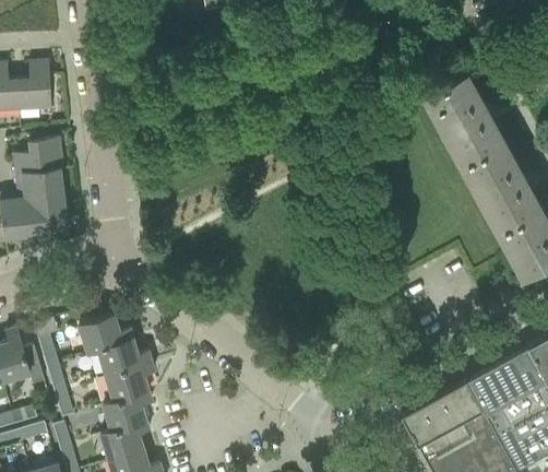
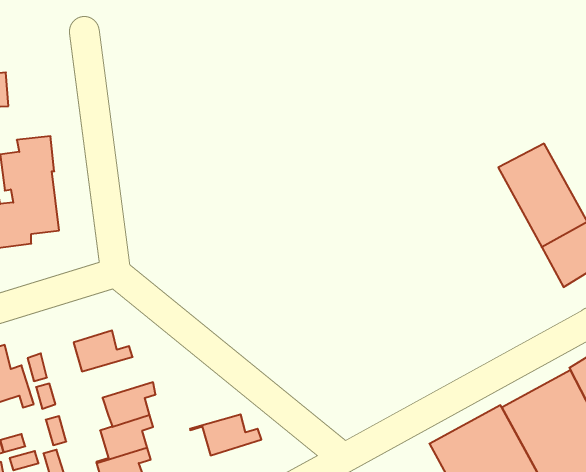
building: [17,60,50,109] -> none
building: [424,71,504,165] -> none
building: [86,337,151,374] -> [190,414,261,455]

